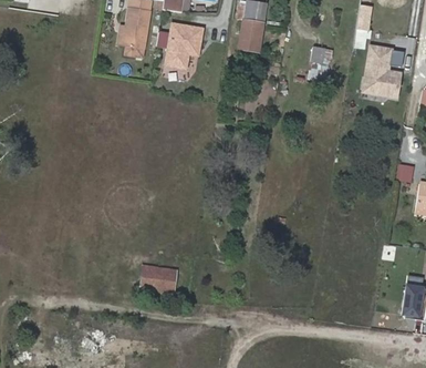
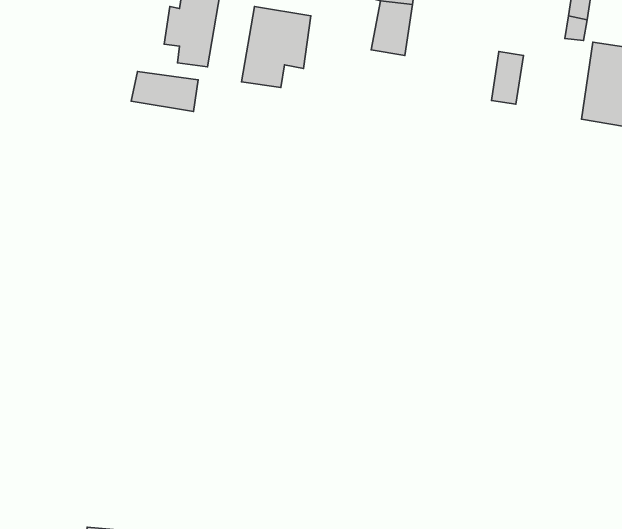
building: none -> [131,72,198,112]
building: [141,266,177,293] -> none

